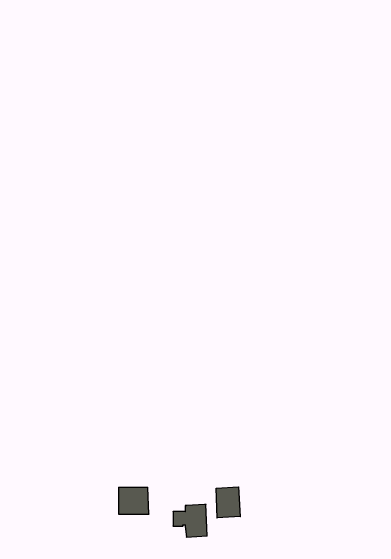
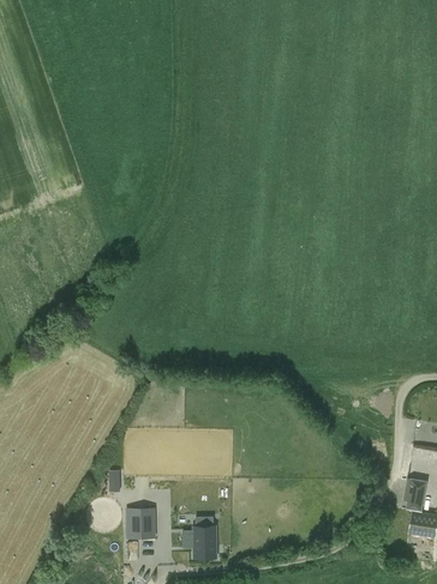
building: [216,487,240,518] -> none

